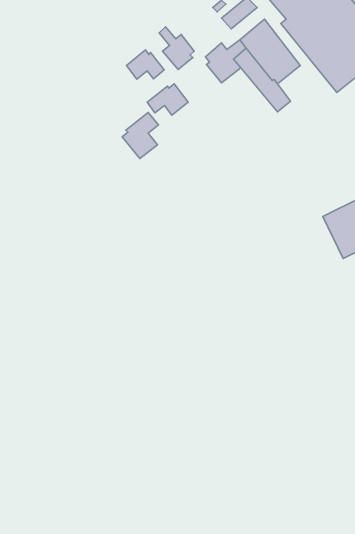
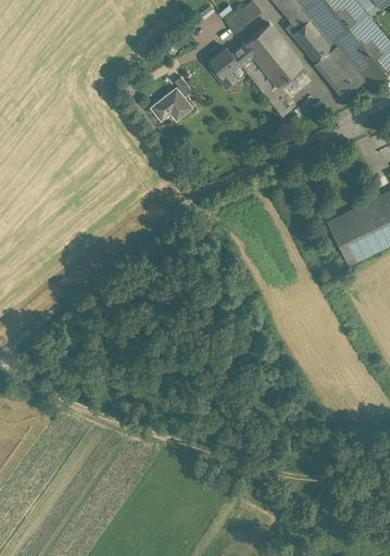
building: [159,27,194,69] -> none
building: [126,50,164,79] -> none
building: [122,113,159,159] -> none

